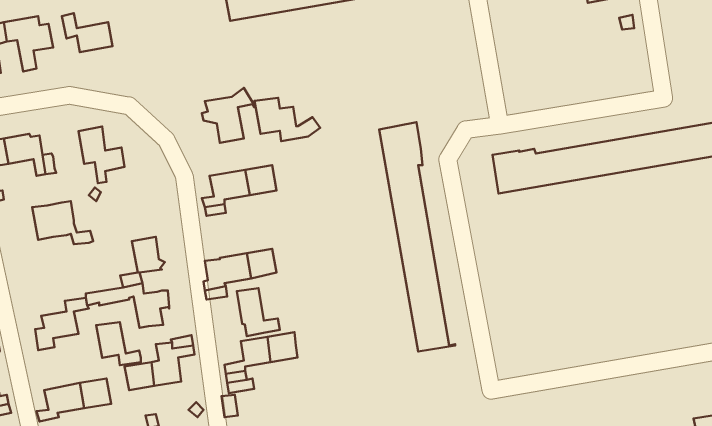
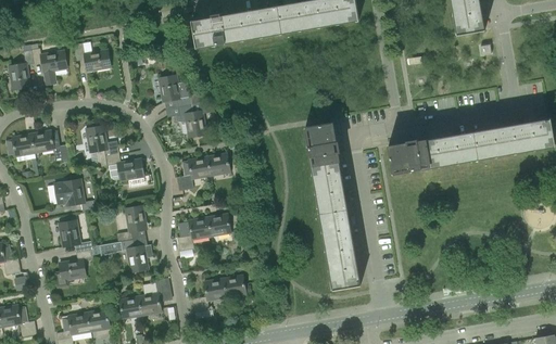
building: [254,98,320,141] -> [159,75,206,106]
building: none -> [100,154,143,180]
building: [237,288,280,336] -> none
building: [96,322,141,365] -> [59,220,91,252]

